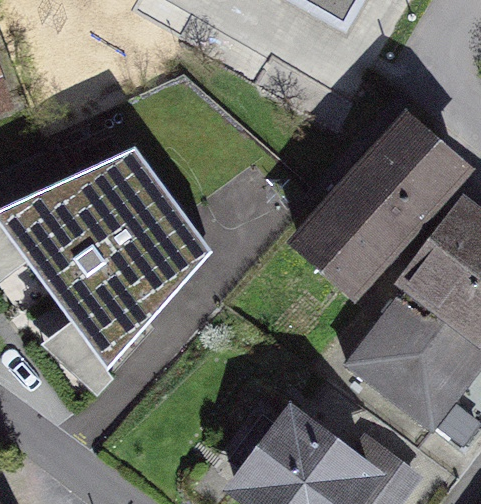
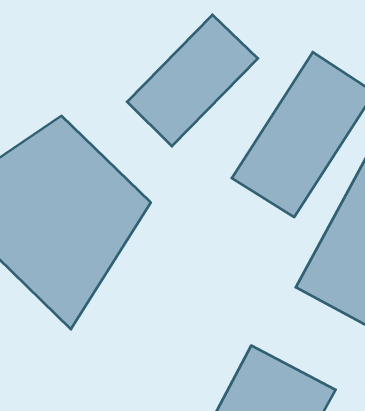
building: none -> [127,15,258,146]

